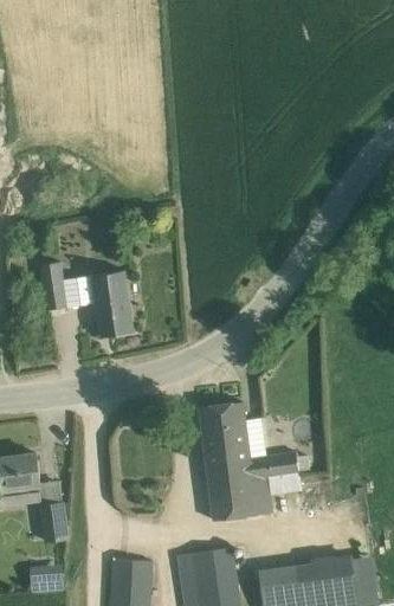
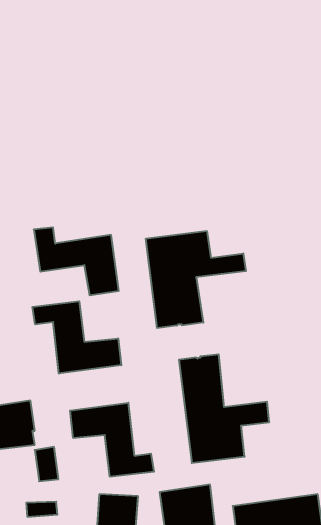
building: none -> [146,231,246,328]
building: none -> [32,301,121,374]
building: none -> [70,403,154,477]

